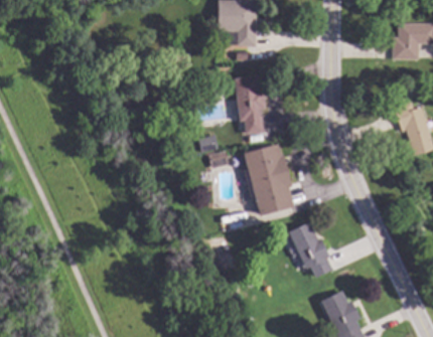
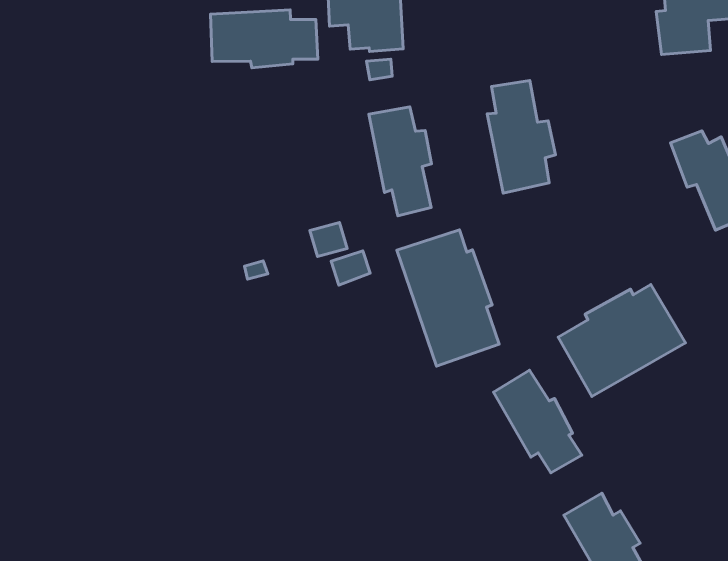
building: none -> [210,10,318,68]
building: none -> [487,81,555,193]
building: none -> [558,284,686,397]

